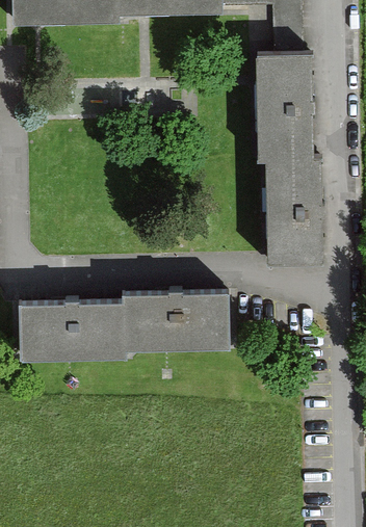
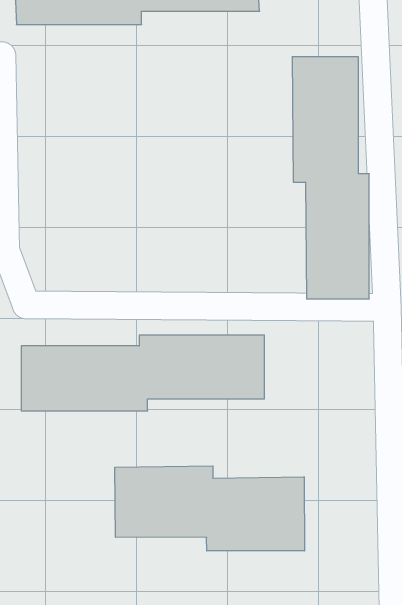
building: none -> [115,466,305,551]

